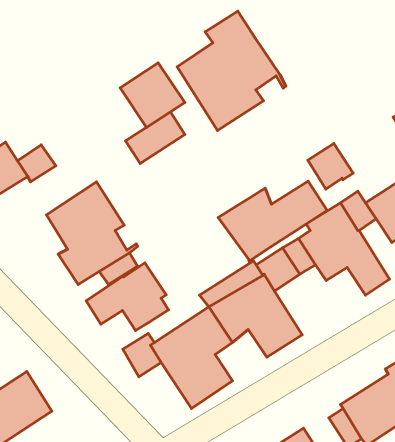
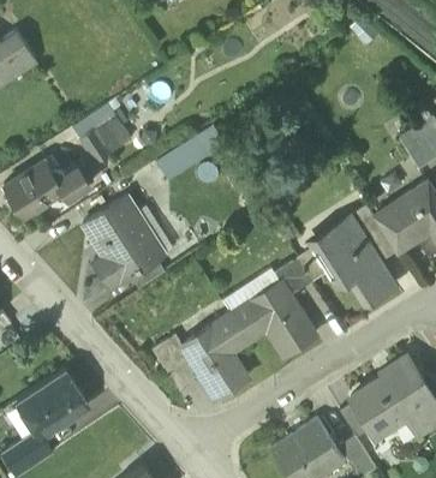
building: [177,11,286,131] -> none
building: [120,63,185,127] -> [72,103,131,162]
building: [308,143,353,189] -> none
building: [218,181,327,261] -> none
building: [86,263,169,331] -> none

